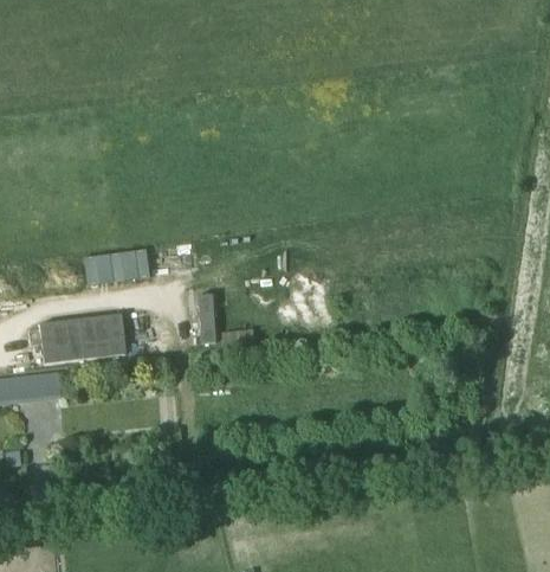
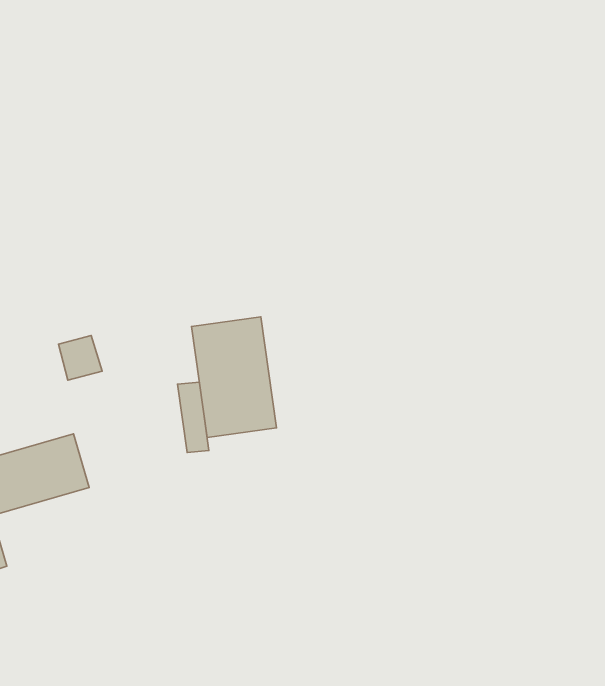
building: [84,253,121,281] -> none
building: none -> [191,317,276,437]

